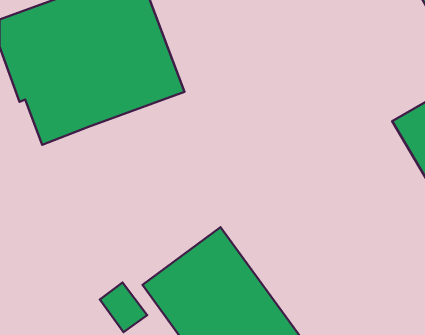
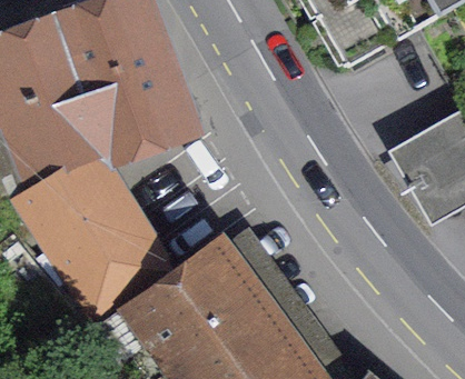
building: none -> [34,148,167,300]

